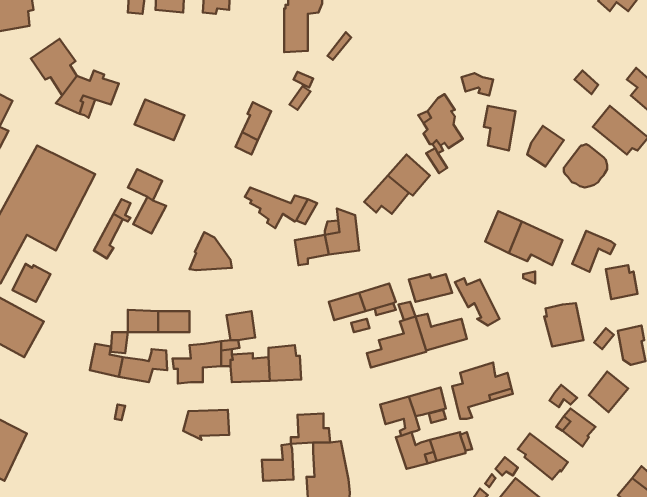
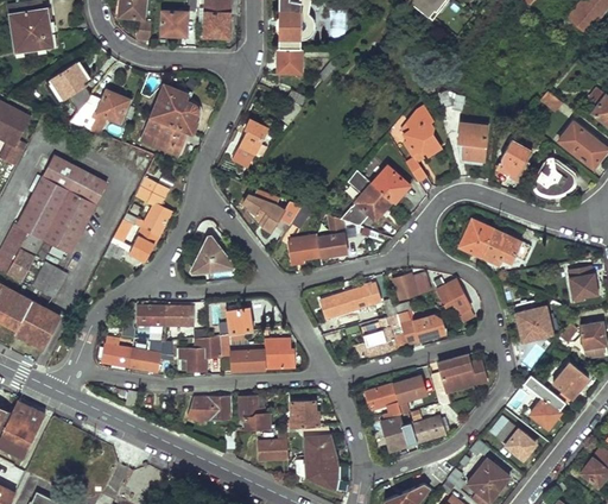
building: none -> [152,84,201,132]
building: none -> [128,228,158,262]
building: [572,231,615,272] -> none
building: none -> [238,396,270,429]

